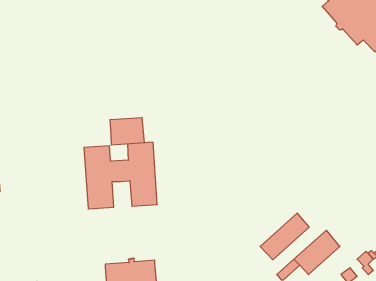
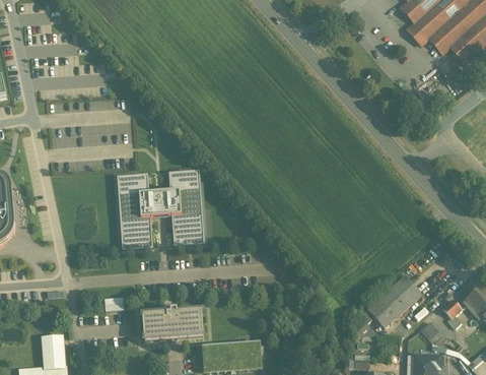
building: [110,117,144,145] -> none
building: [260,213,309,260] -> none

